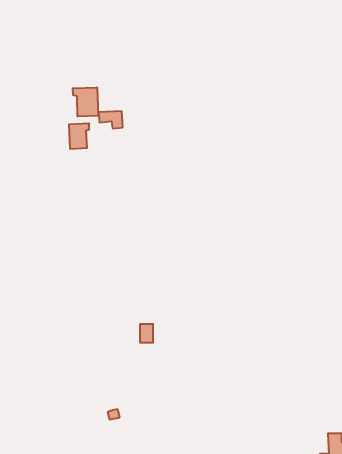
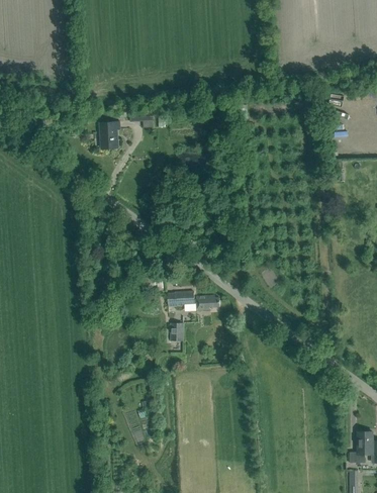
building: [73,87,98,116] -> none
building: none -> [175,291,218,311]

